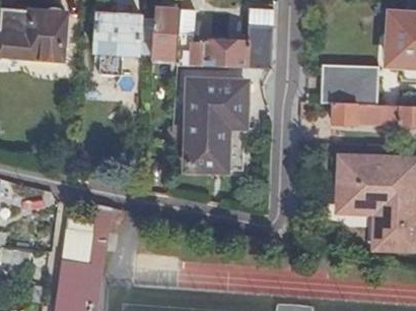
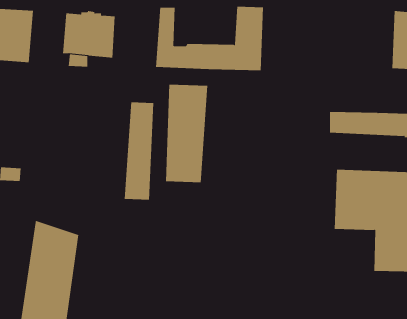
building: [153,8,178,51] -> none
building: [322,65,380,105] -> none
building: [219,80,247,169] -> [124,102,154,200]

